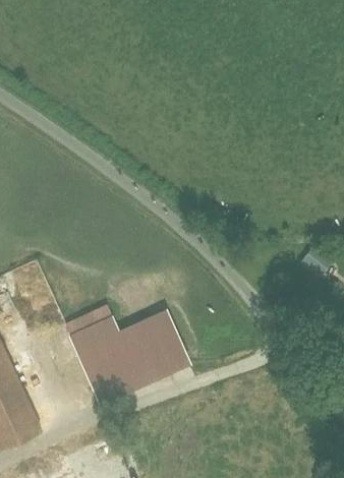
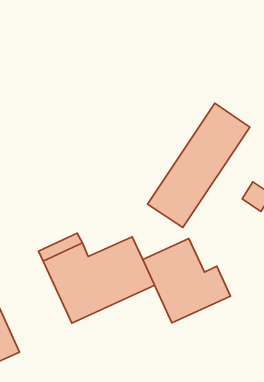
building: none -> [148,103,250,227]
building: none -> [143,239,231,323]

